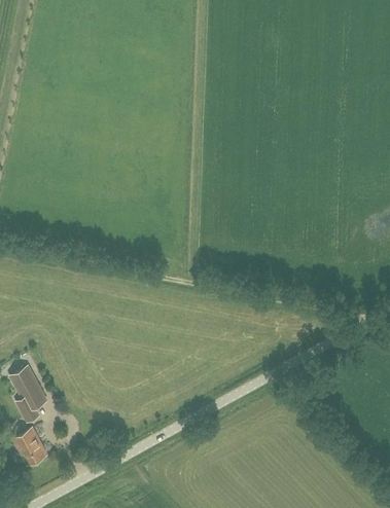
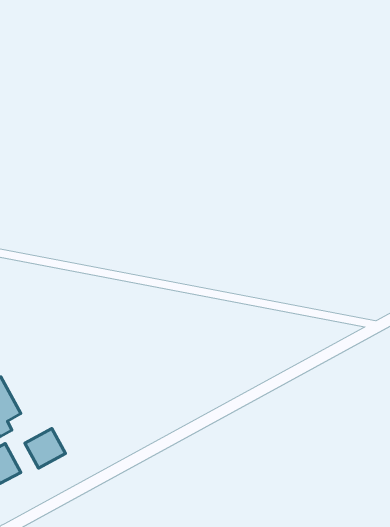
building: none -> [25,429,65,468]

